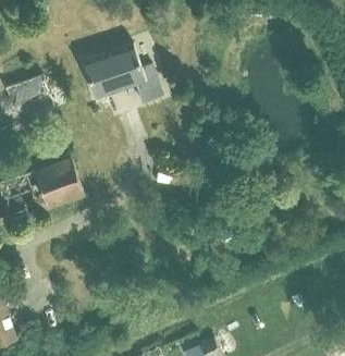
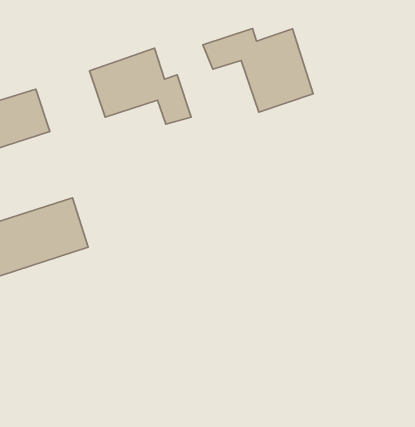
building: none -> [203,28,313,112]

